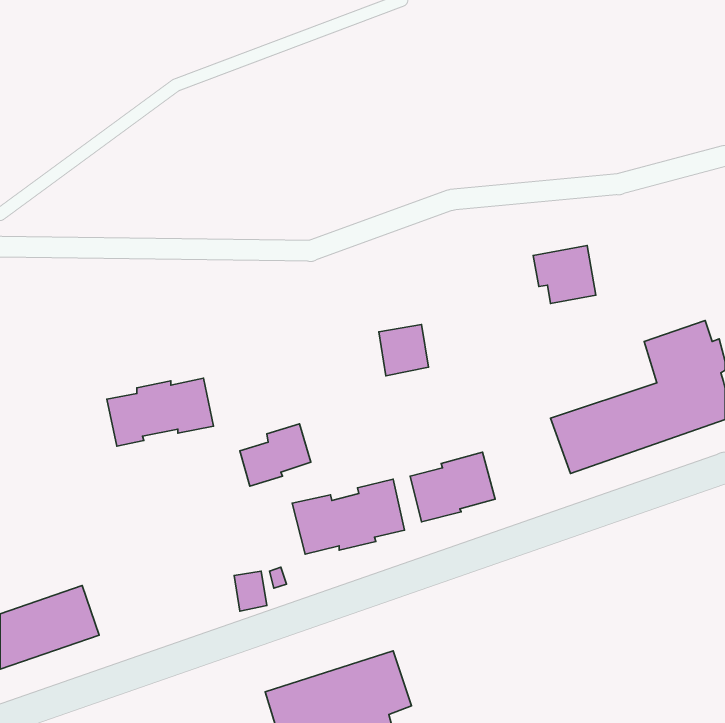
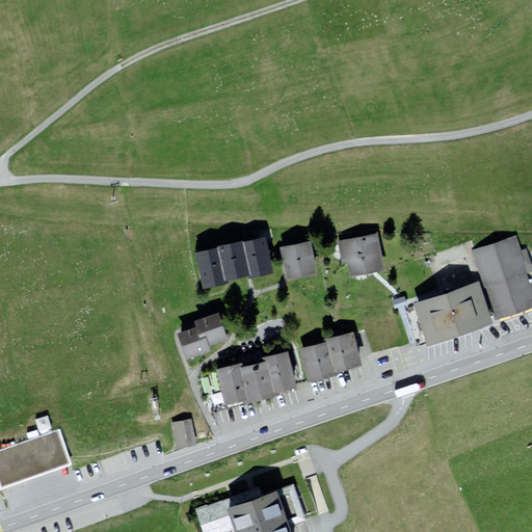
building: [533,246,596,304] -> [336,232,381,274]
building: [107,378,213,446] -> [192,234,270,284]

